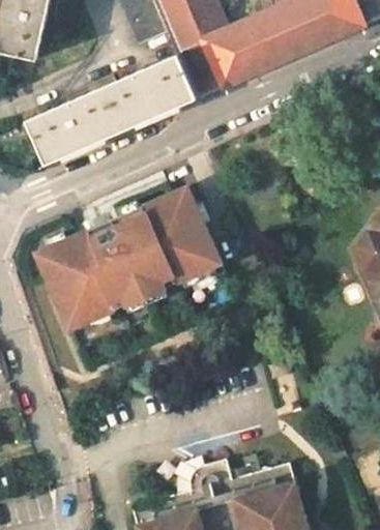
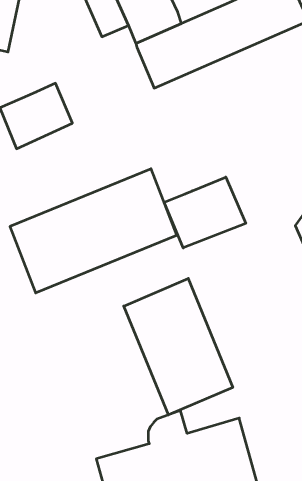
building: [88,55,196,138] -> none
building: none -> [164,177,246,248]
building: none -> [124,278,233,415]

